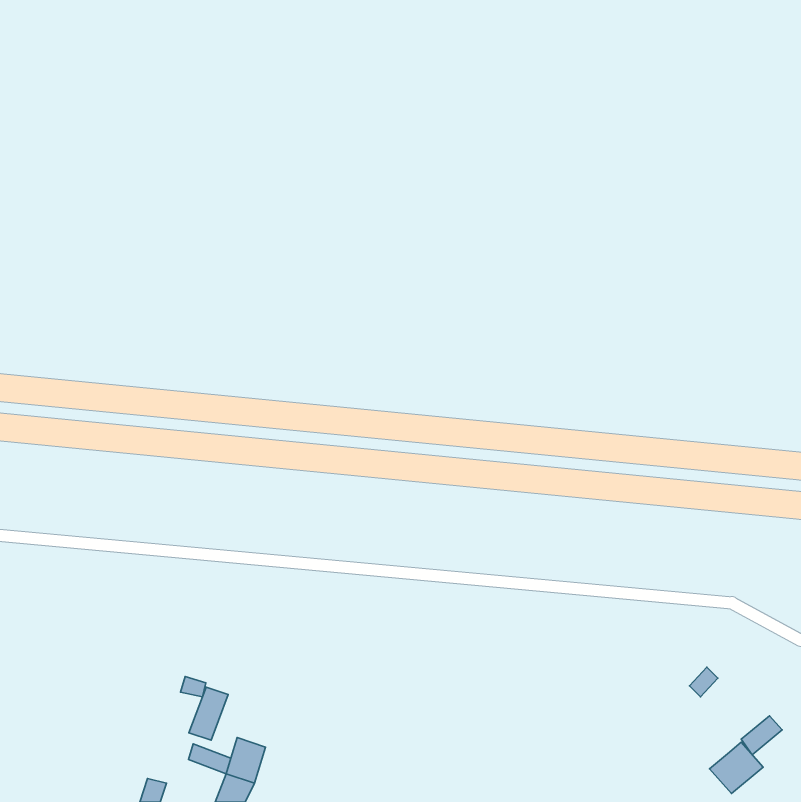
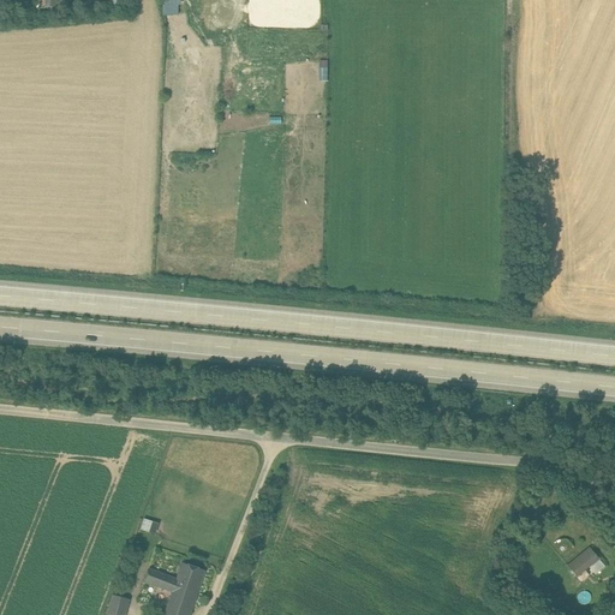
building: [189,687,228,740] -> none
building: [710,742,763,794] -> none

